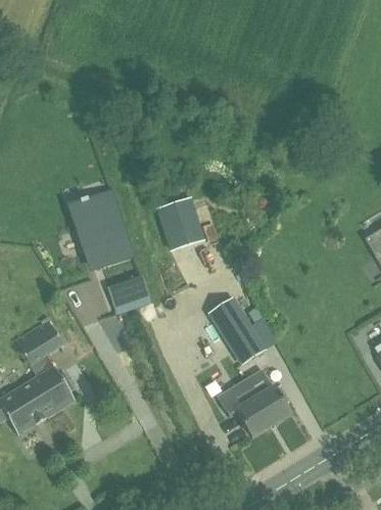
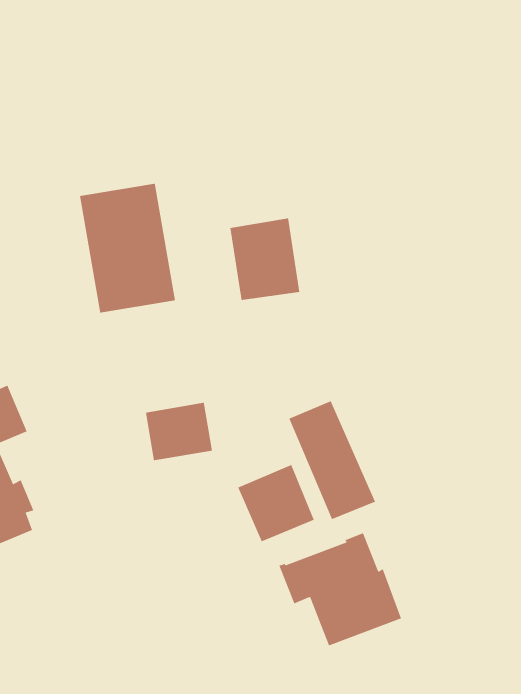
building: [109,275,151,313] -> [145,402,213,461]
building: none -> [238,464,315,542]

